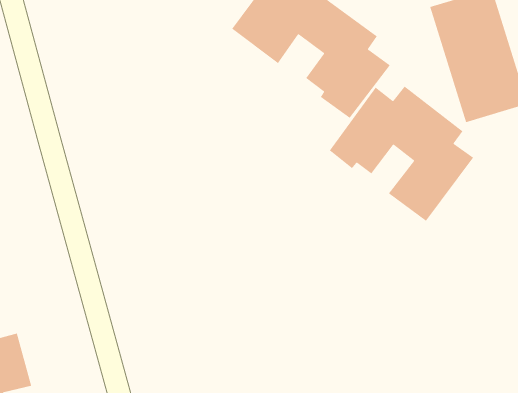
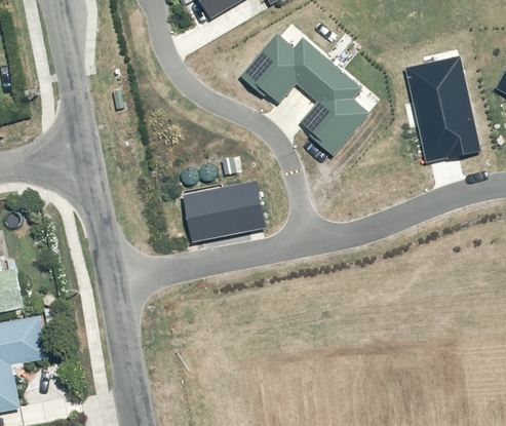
building: [329,86,474,222] -> none
building: none -> [182,179,266,241]

